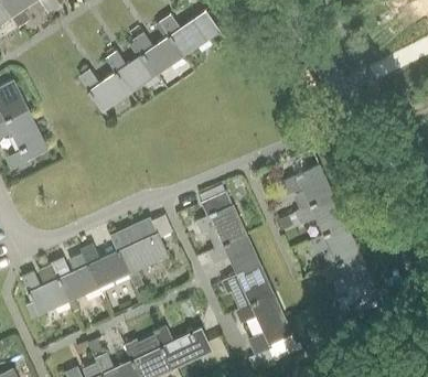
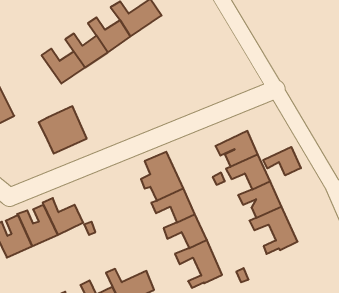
building: none -> [263,147,301,175]
building: [110,218,167,273] -> [39,106,87,154]

